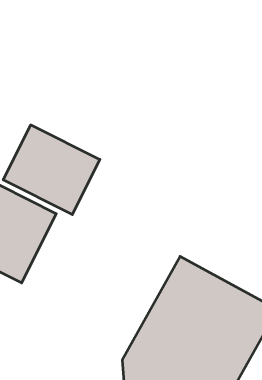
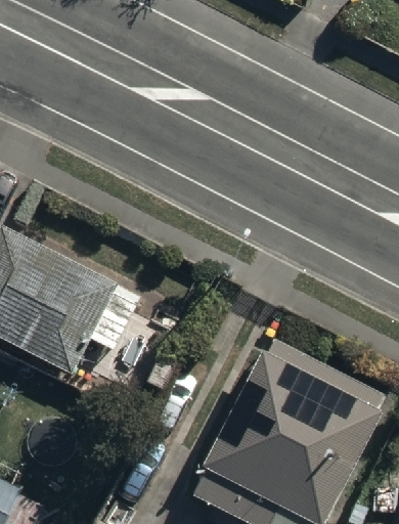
building: [3,125,100,215] -> none

